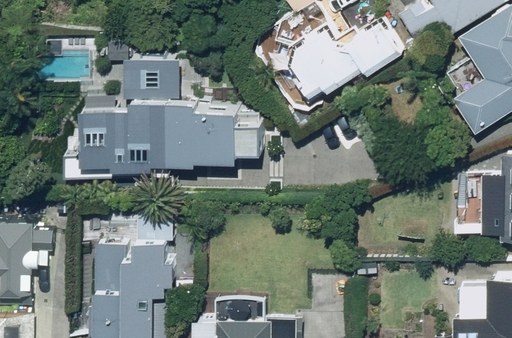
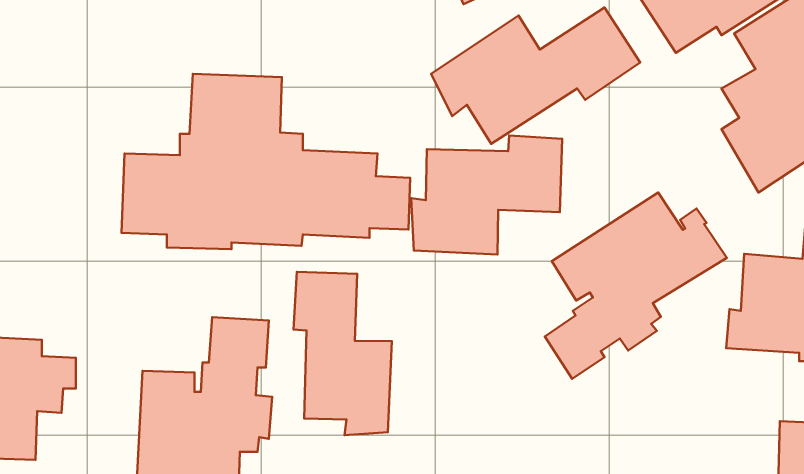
building: none -> [411,136,562,255]
building: none -> [545,192,727,379]
building: none -> [294,272,392,435]

